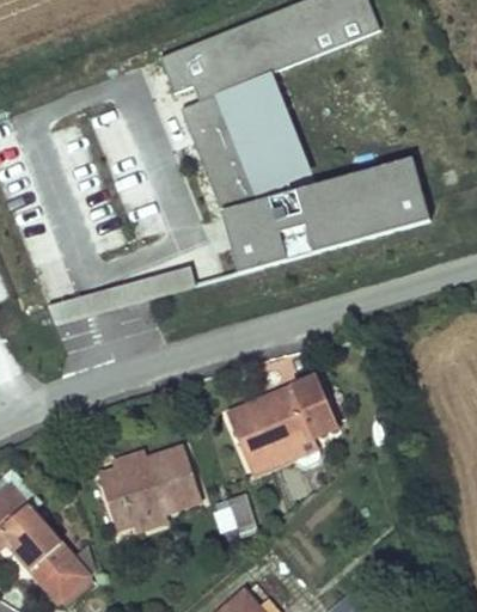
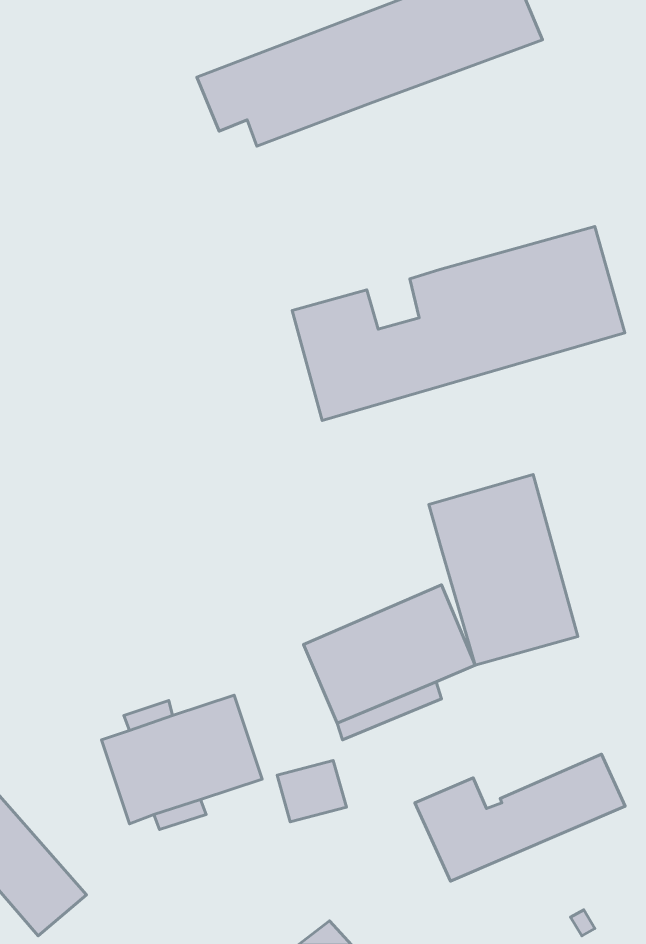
building: [183,71,316,203] -> none
building: none -> [429,475,578,665]
building: none -> [415,754,625,881]

